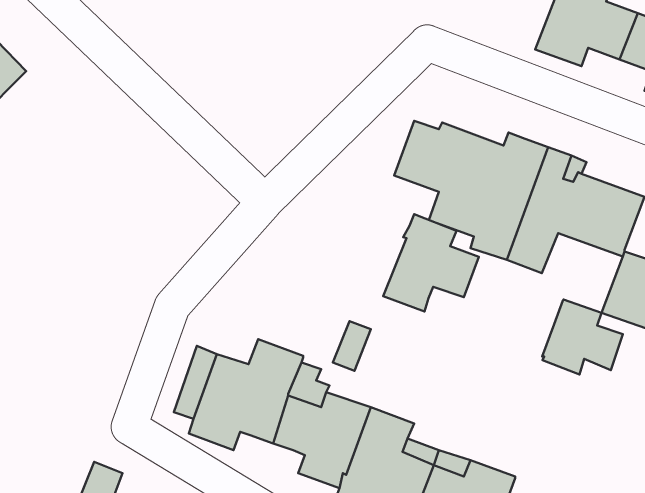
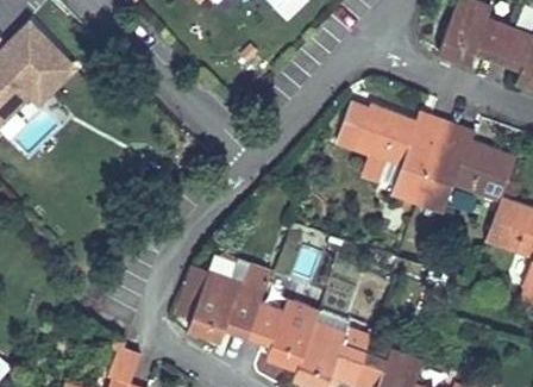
building: [383,214,479,312] -> none
building: [542,299,623,374] -> none

